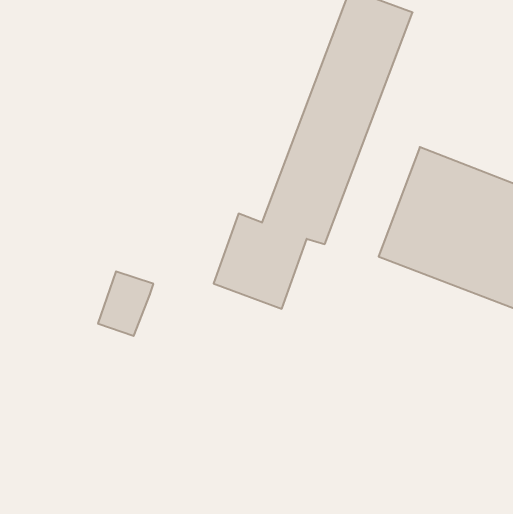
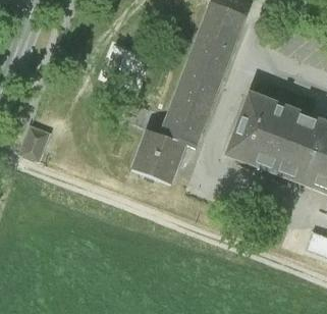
building: [98,271,153,336] -> [18,125,50,162]

